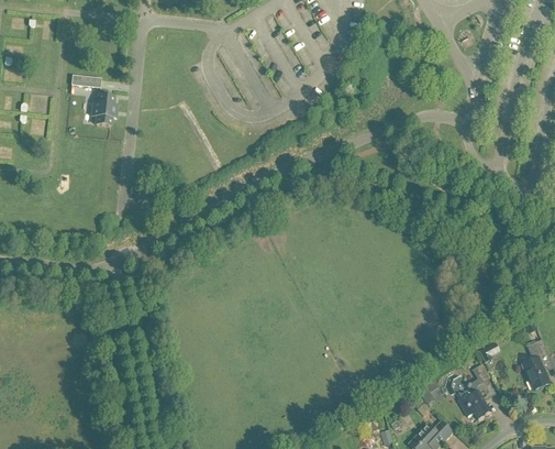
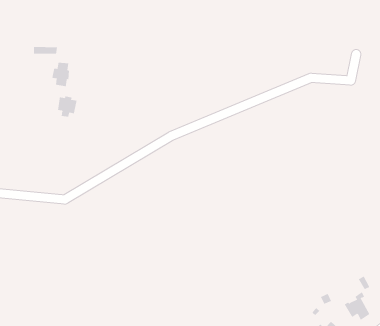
building: none -> [57,95,77,117]

